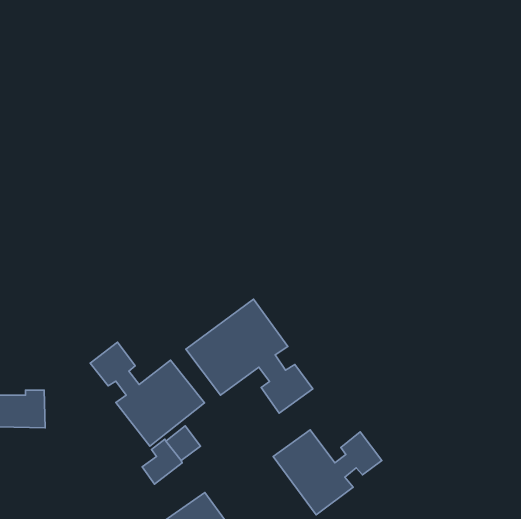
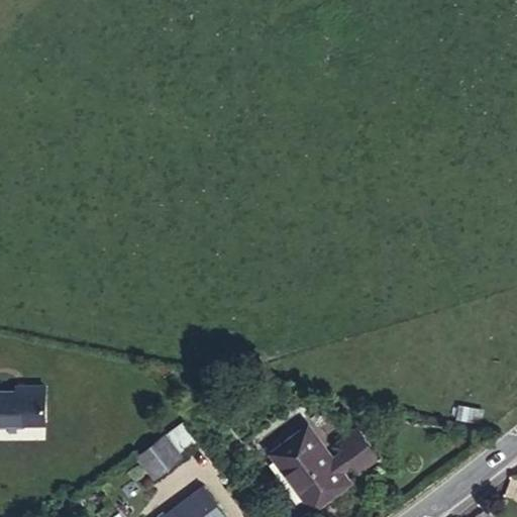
building: [186,299,313,413] -> none
building: [90,342,205,446] -> none

